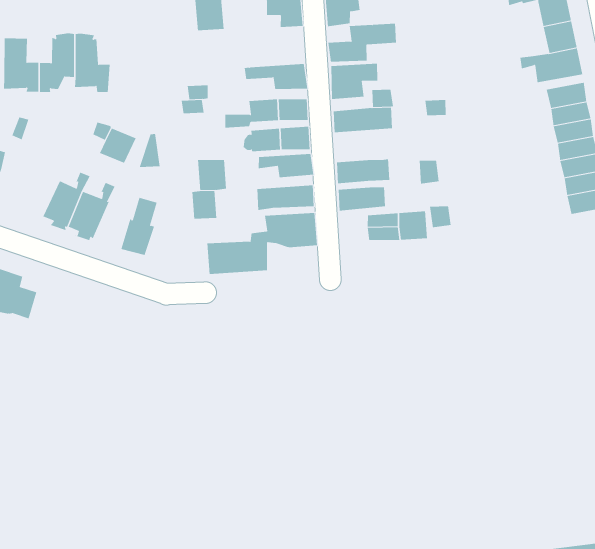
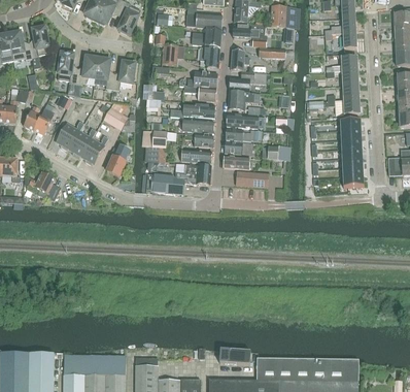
building: none -> [111,59,135,90]
building: none -> [186,71,217,88]
building: none -> [225,128,263,143]
building: none -> [56,121,83,151]

